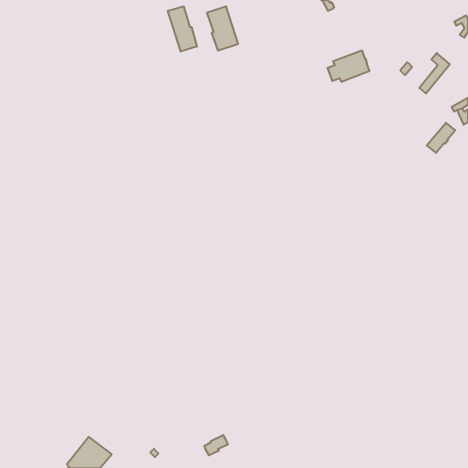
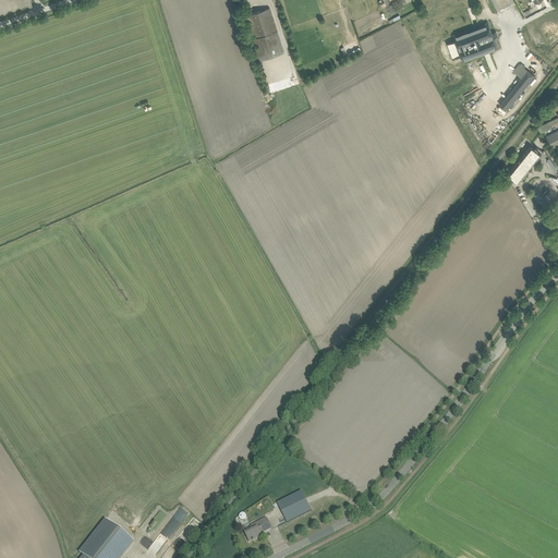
building: [168,6,197,52] -> none
building: [327,51,370,82] -> [447,23,497,60]
building: none -> [276,488,311,523]

